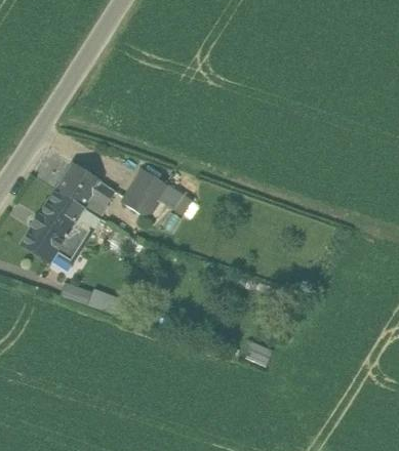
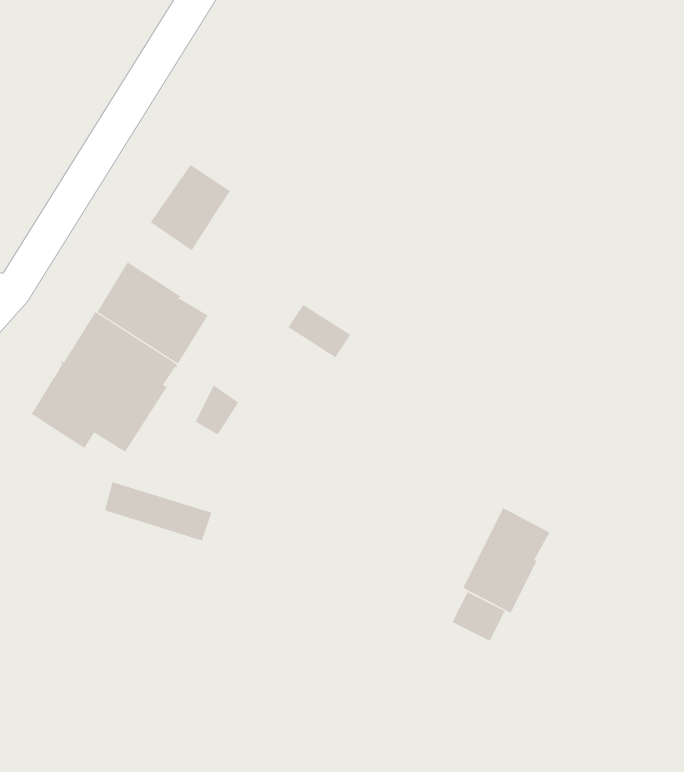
building: [122,170,165,216] -> [150,164,231,251]
building: none -> [462,507,550,613]

